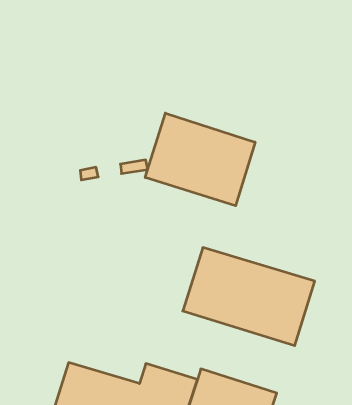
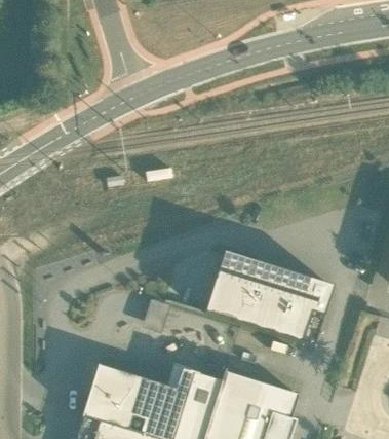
building: [145,113,255,206] -> none

